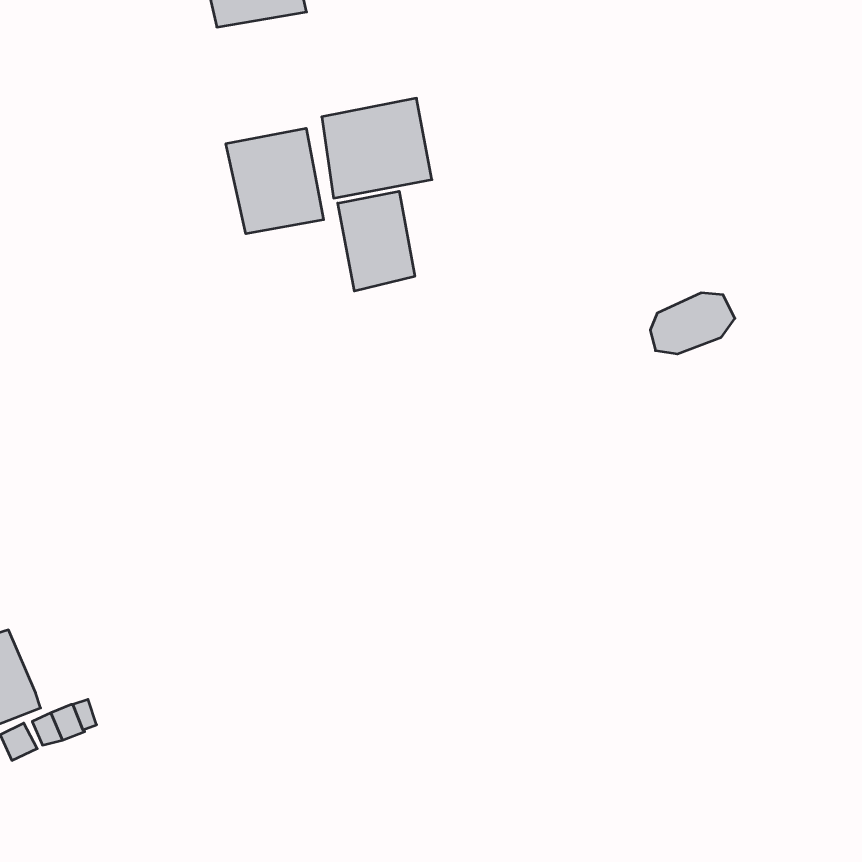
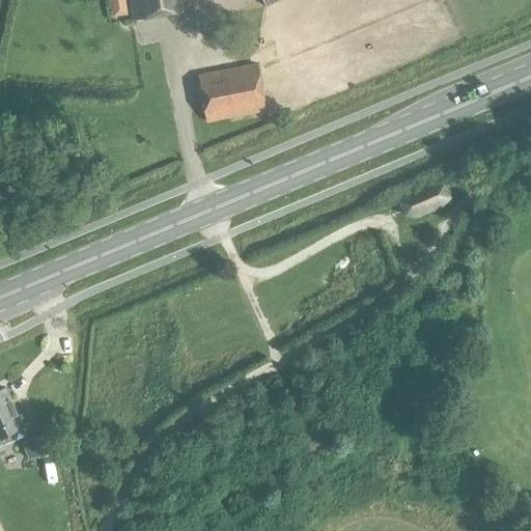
building: [226,128,324,234] -> none
building: [338,191,415,291] -> none

